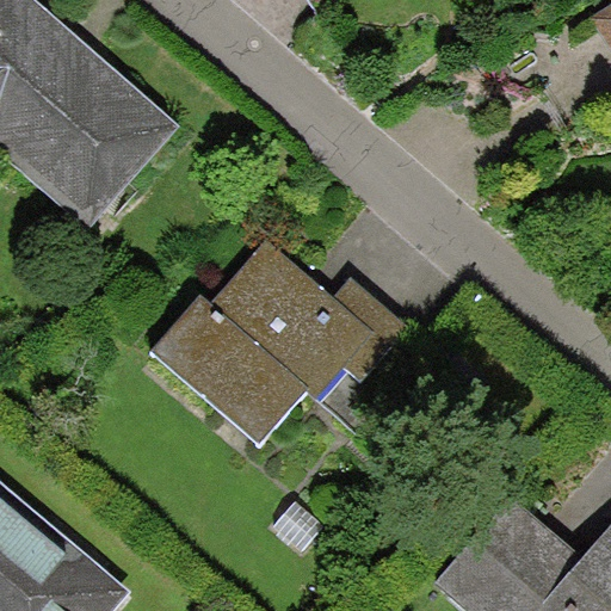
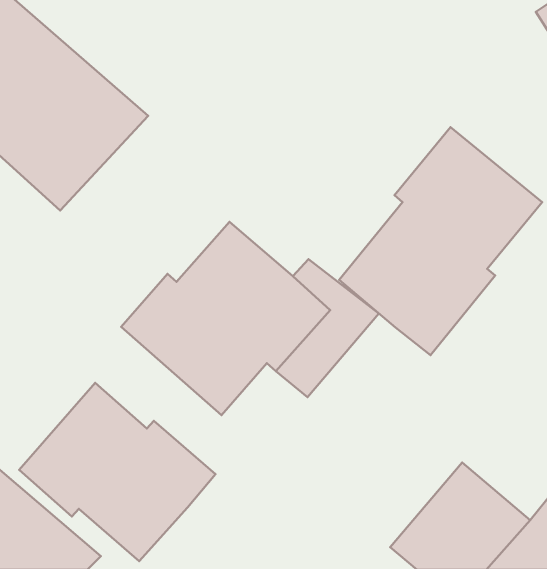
building: none -> [339,127,542,355]
building: none -> [19,383,216,561]

